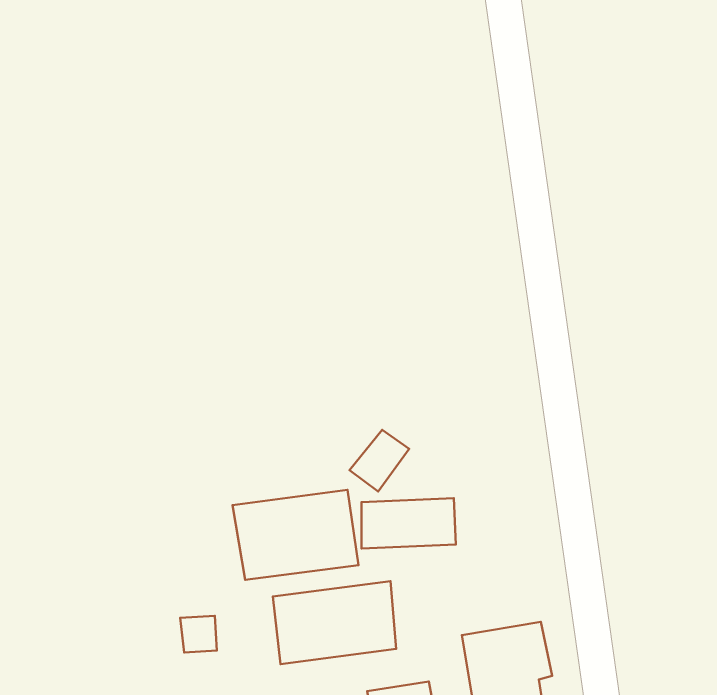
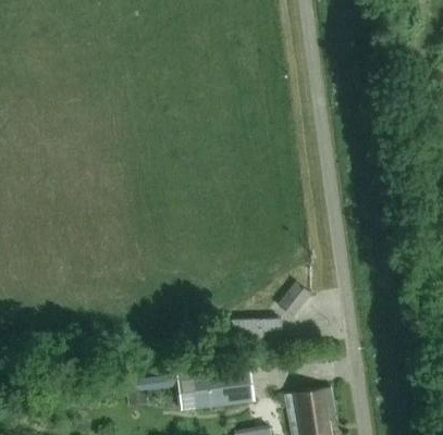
building: [349,430,409,491] -> [278,283,311,318]
building: [233,490,358,580] -> none

